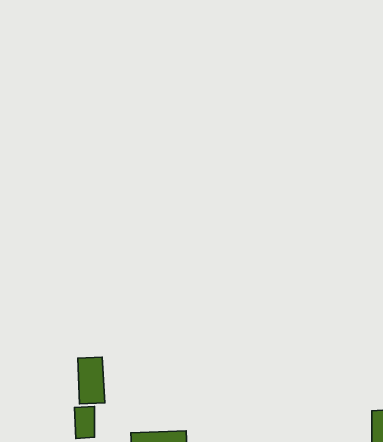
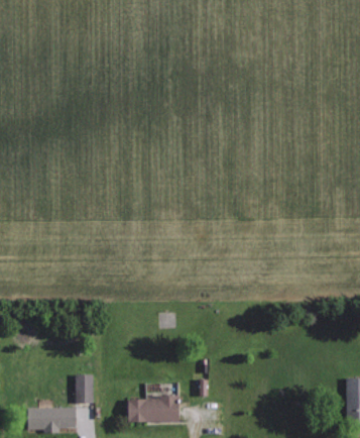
building: [78,357,105,404] -> none

